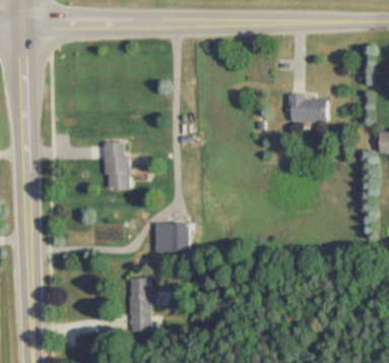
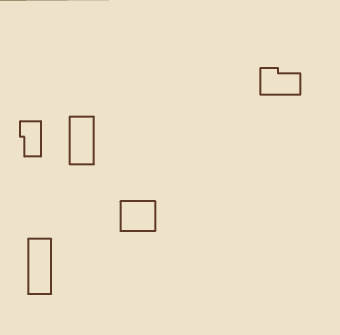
building: none -> [20,121,41,157]
building: [128,278,150,330] -> [28,239,51,294]

